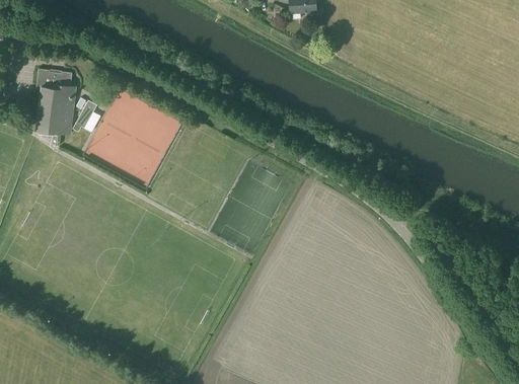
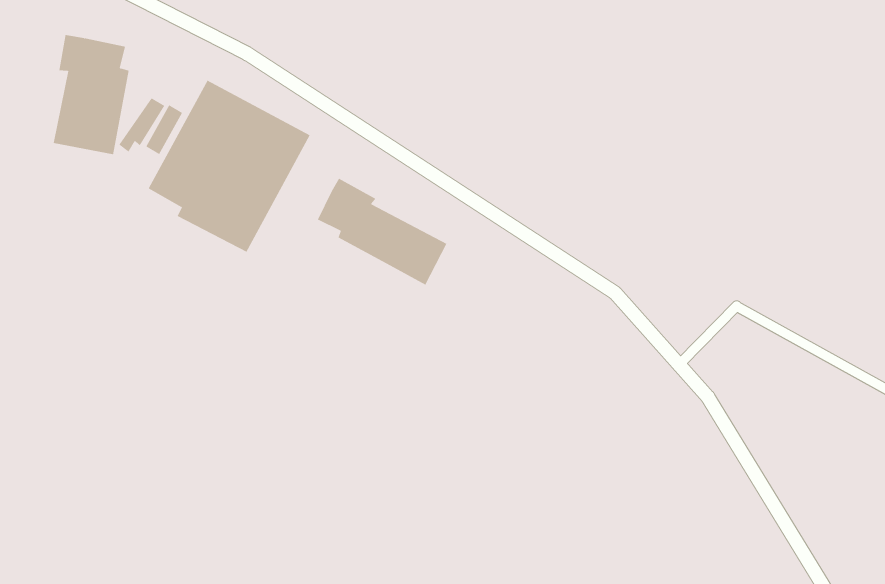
building: none -> [317,178,447,285]

